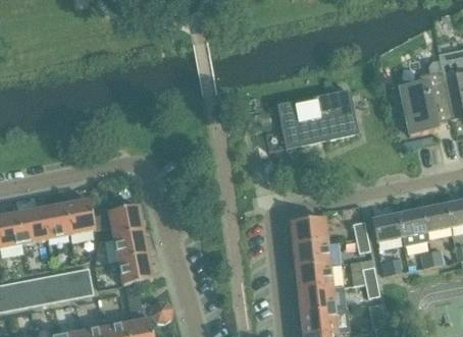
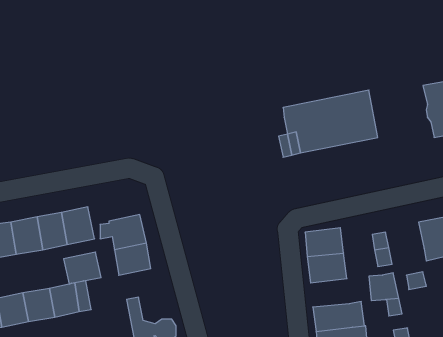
building: [372,212,401,240] -> none
building: [118,255,153,284] -> [64,252,101,284]
building: [296,264,331,290] -> none

